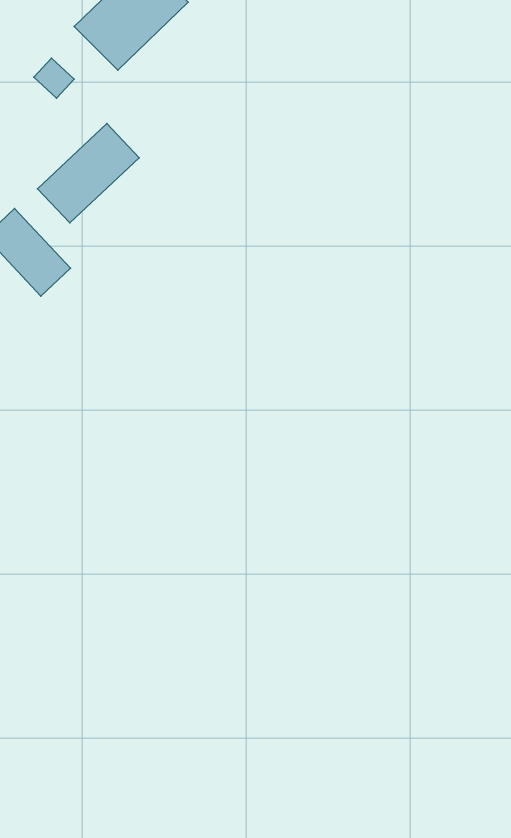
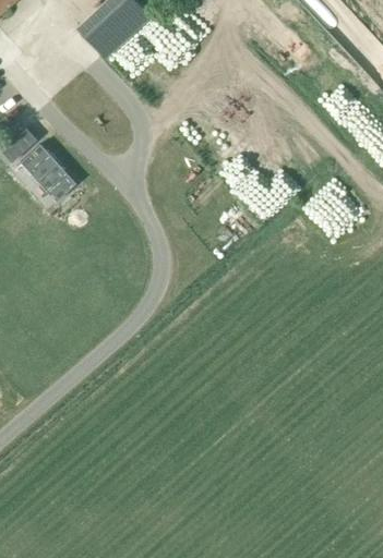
building: [38,124,139,223] -> none

